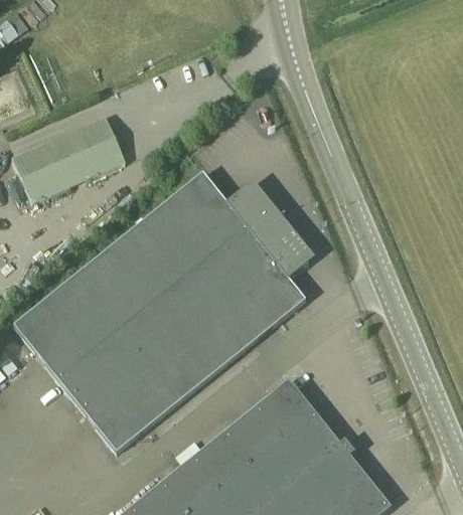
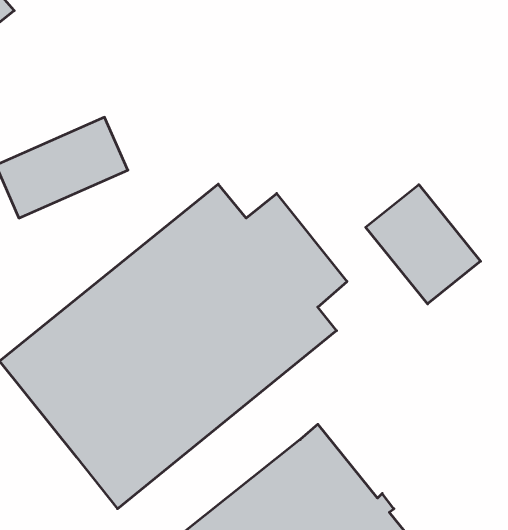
building: none -> [366,185,481,304]

